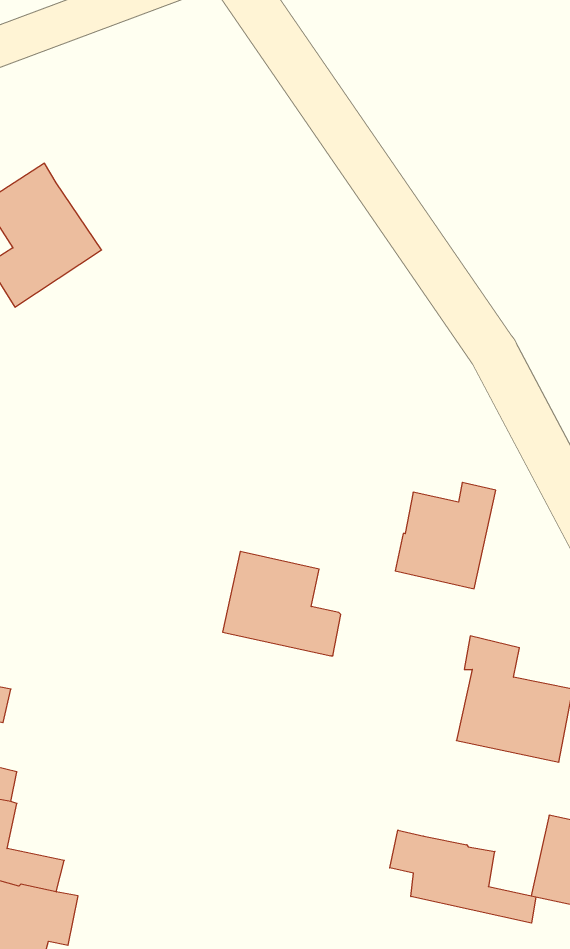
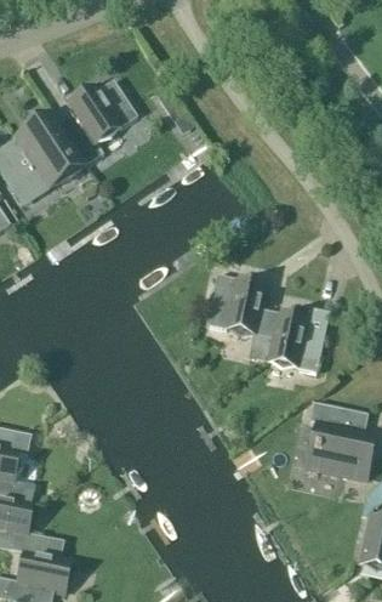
building: none -> [58,80,136,164]
building: [223,551,341,656] -> [205,274,278,339]
building: [390,830,536,923] -> none

